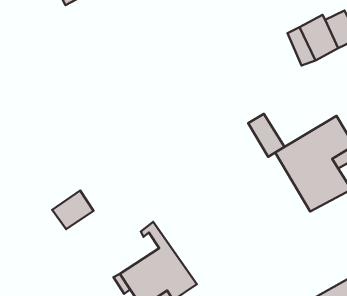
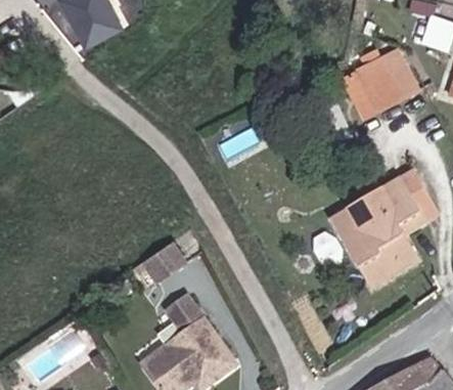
building: [248,114,284,157] -> none
building: [52,191,93,229] -> [139,239,187,284]

